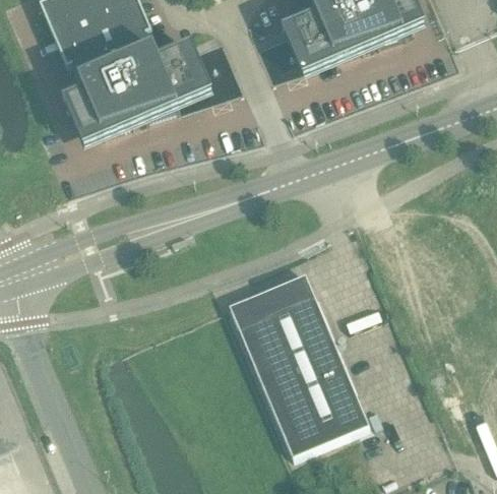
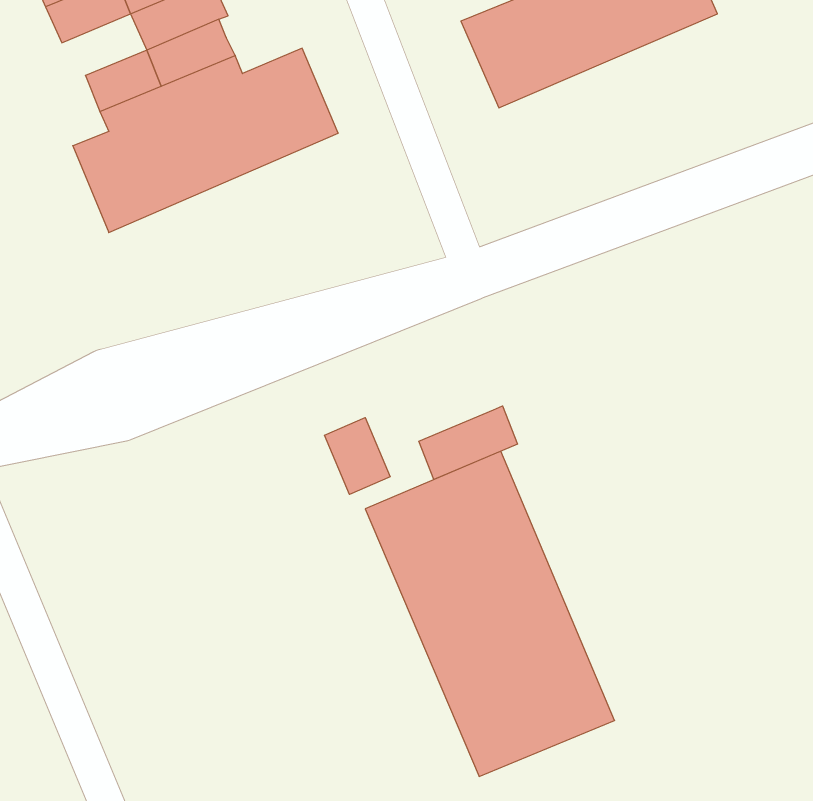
building: [57,24,105,61] -> none
building: none -> [419,406,518,479]
building: none -> [324,418,390,494]

